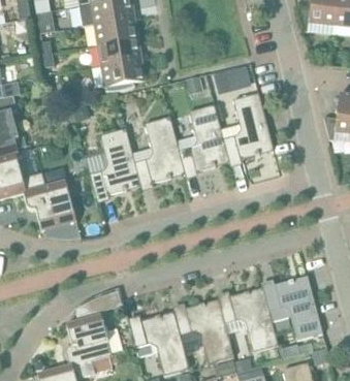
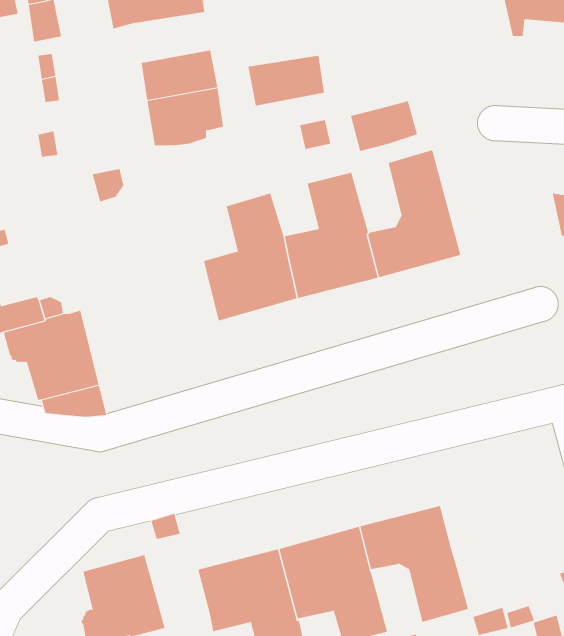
building: [94,17,136,44] -> [248,55,325,106]
building: [85,128,140,197] -> none
building: [262,275,322,340] -> none

